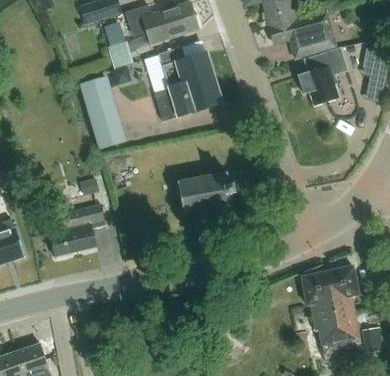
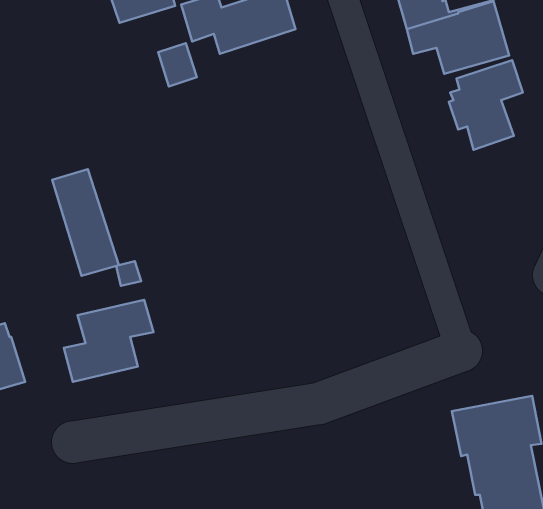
building: [154,46,223,120] -> none
building: [79,77,122,146] -> [52,169,119,276]
building: [177,170,235,215] -> none

